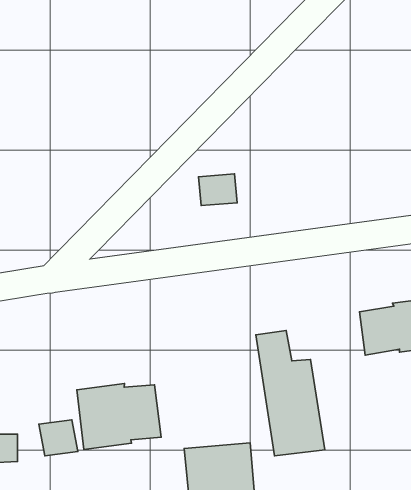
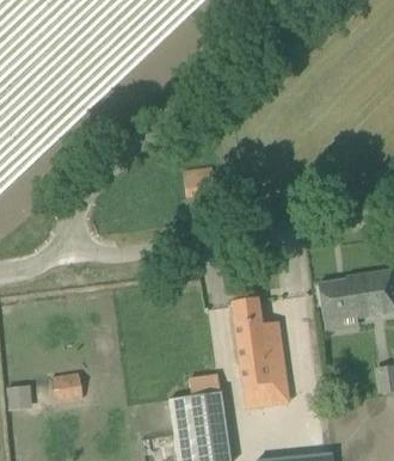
building: [77,384,161,449] -> none

